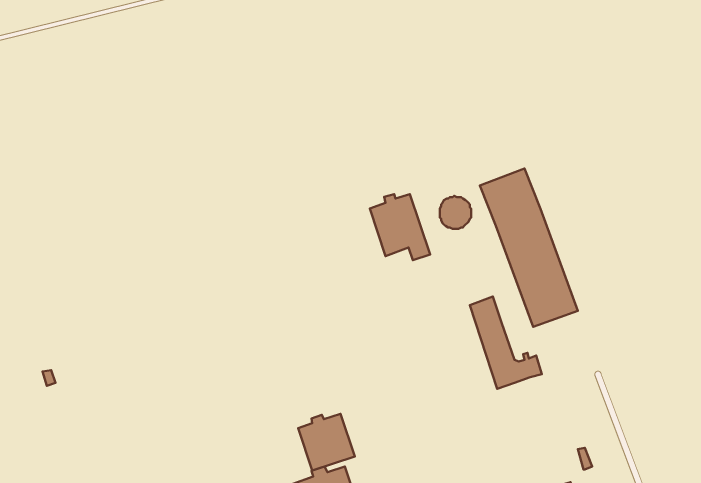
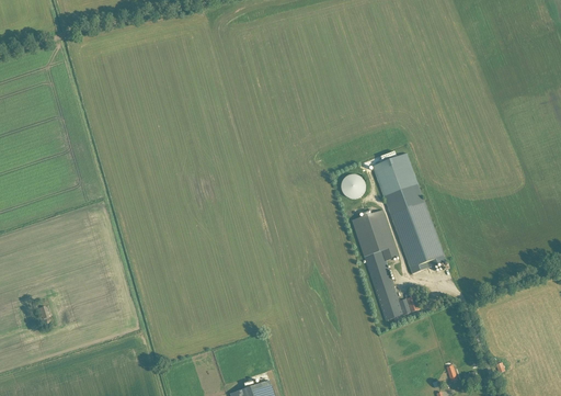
building: [370,194,430,260] -> [352,210,398,260]
building: [298,414,355,471] -> none

